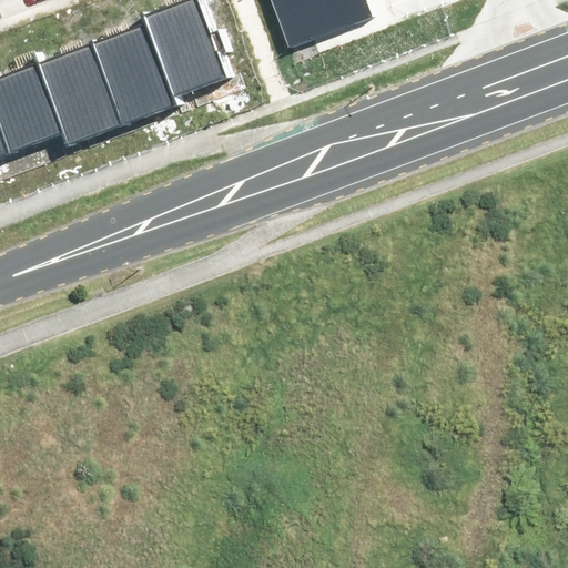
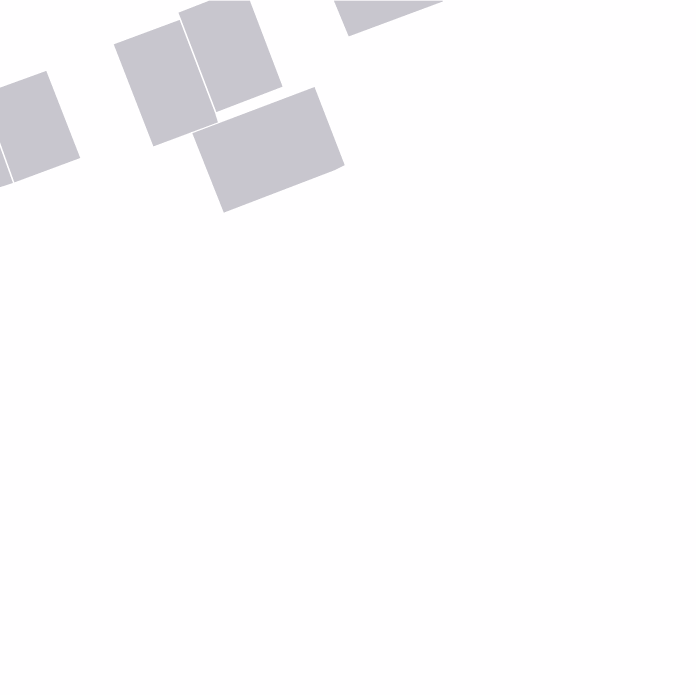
building: [38,42,123,145] -> none
building: none -> [191,86,346,213]

